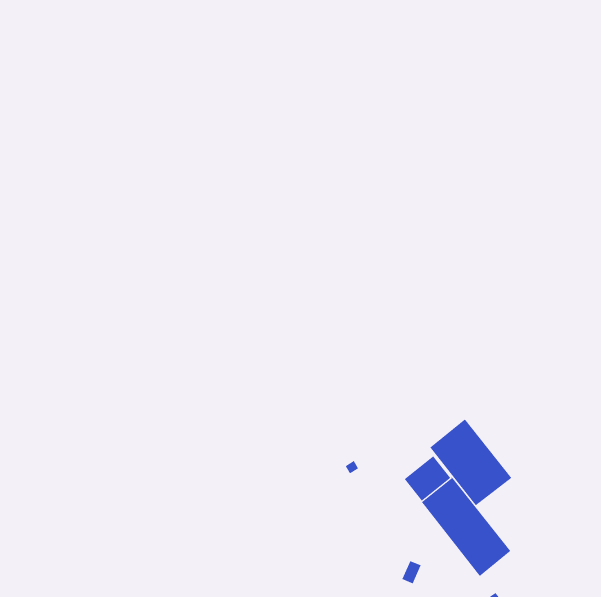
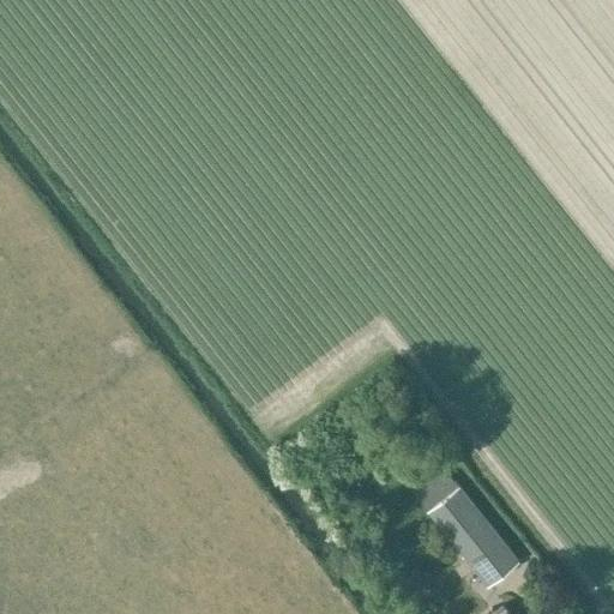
building: [429,419,512,506] -> none

